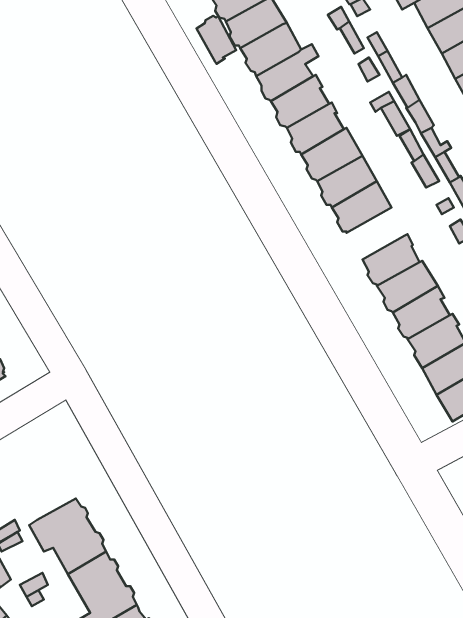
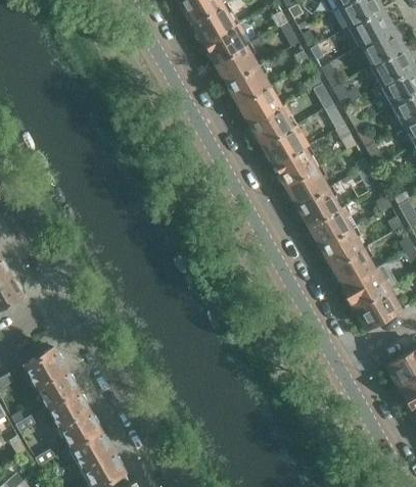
building: [197,16,236,64] -> none
building: none -> [285,165,330,205]
building: none -> [26,348,77,405]

